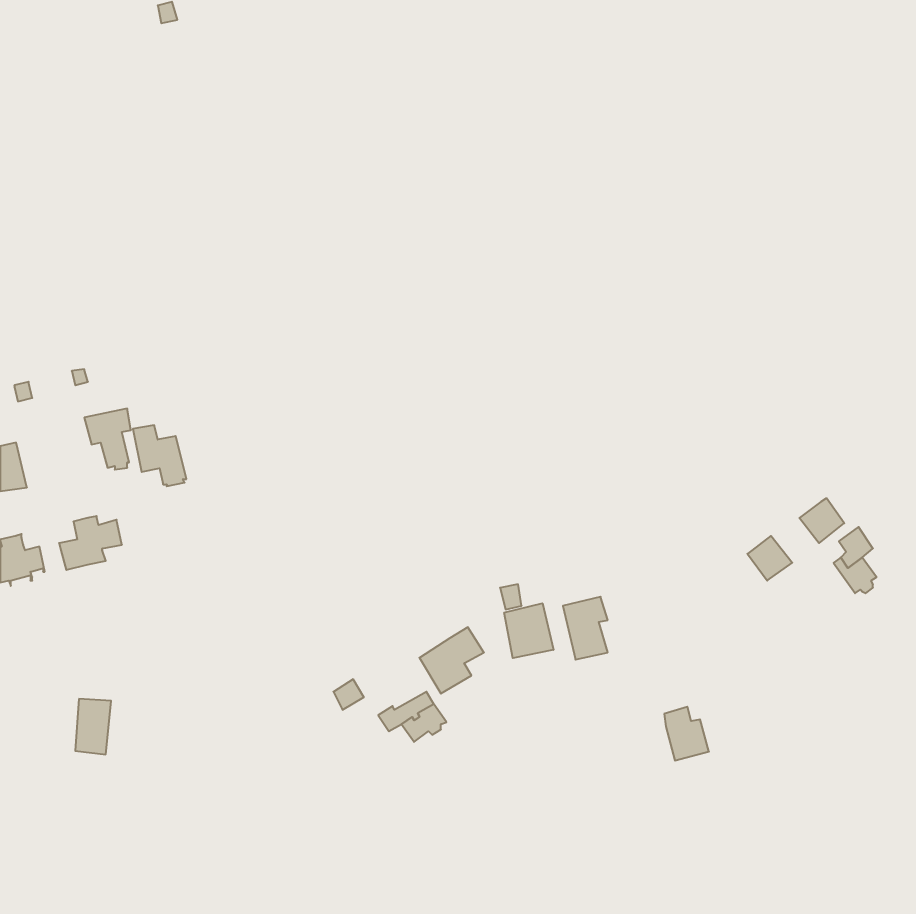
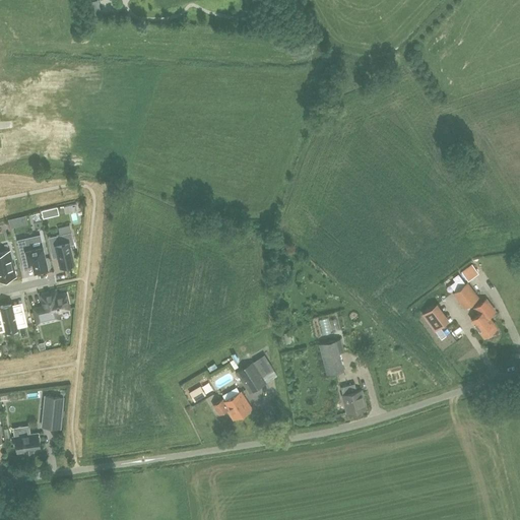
building: [133,425,186,486] -> [17,239,48,273]
building: [504,603,553,658] -> none
building: [664,707,709,761] -> [341,384,367,414]
building: none -> [13,434,41,453]

